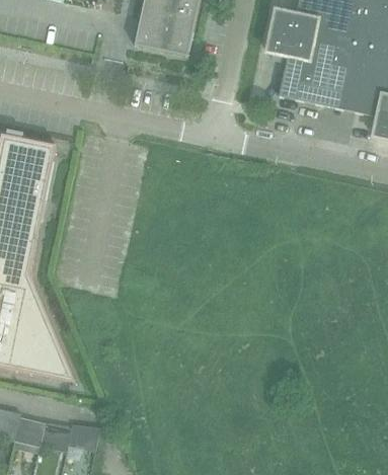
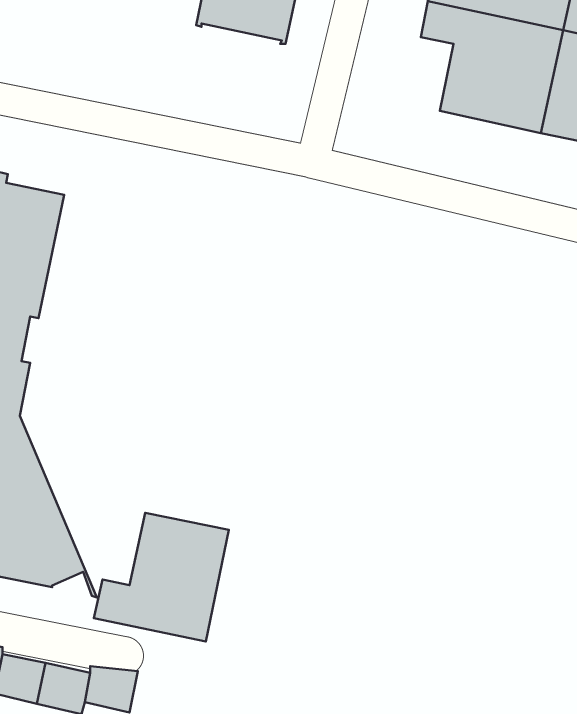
building: none -> [94,513,229,641]

